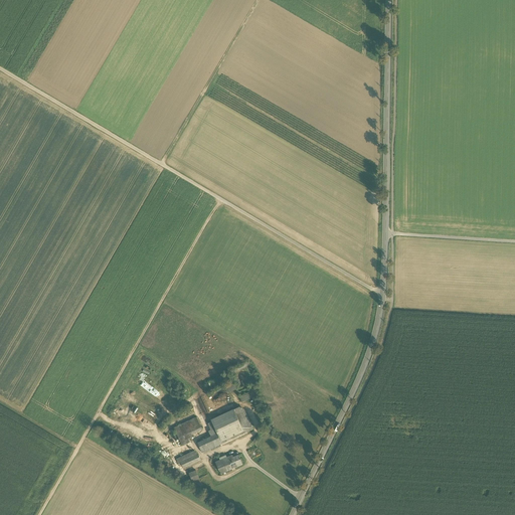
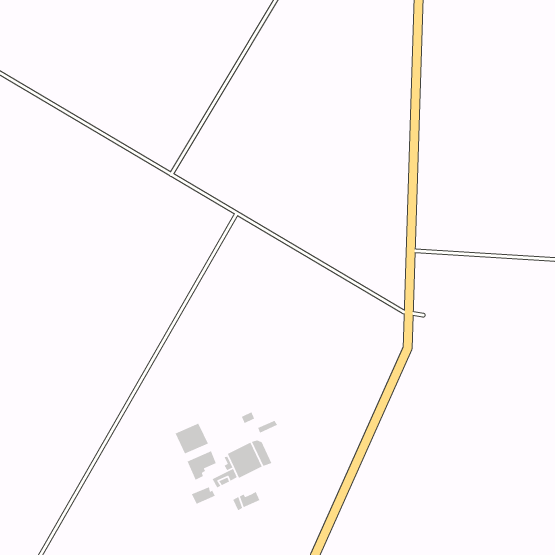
building: none -> [175,423,209,455]

